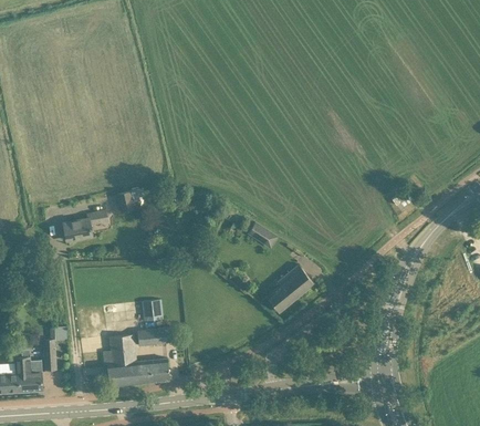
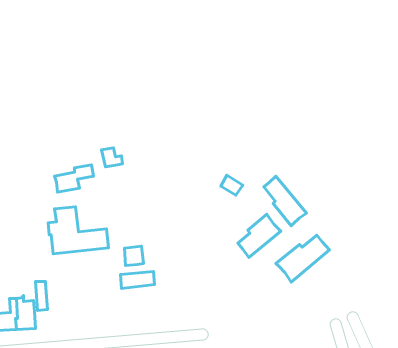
building: none -> [264,176,307,226]
building: none -> [276,235,330,282]
building: [103,334,169,386] -> [48,207,108,254]

